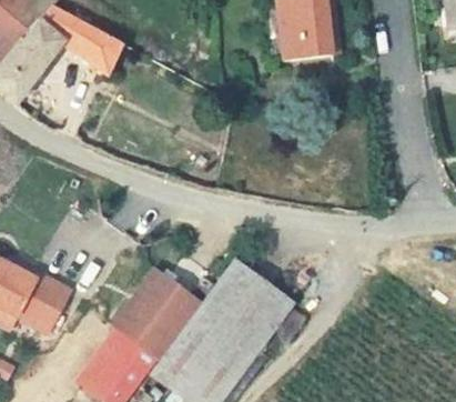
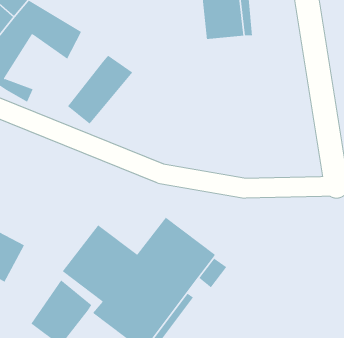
building: none -> [67,55,133,124]

